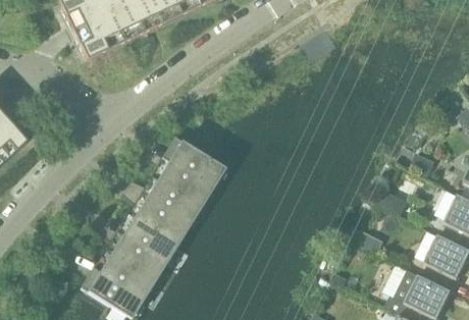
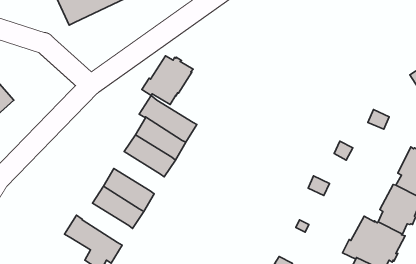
building: none -> [142,56,193,104]
building: [135,196,190,242] -> none
building: [100,252,155,298] -> none

